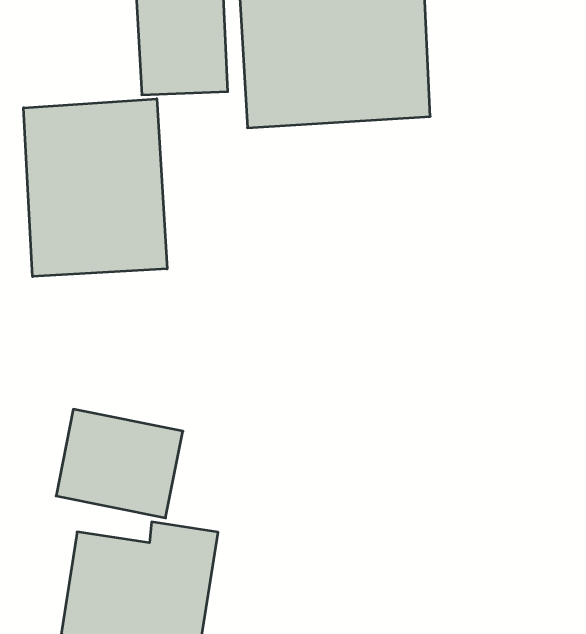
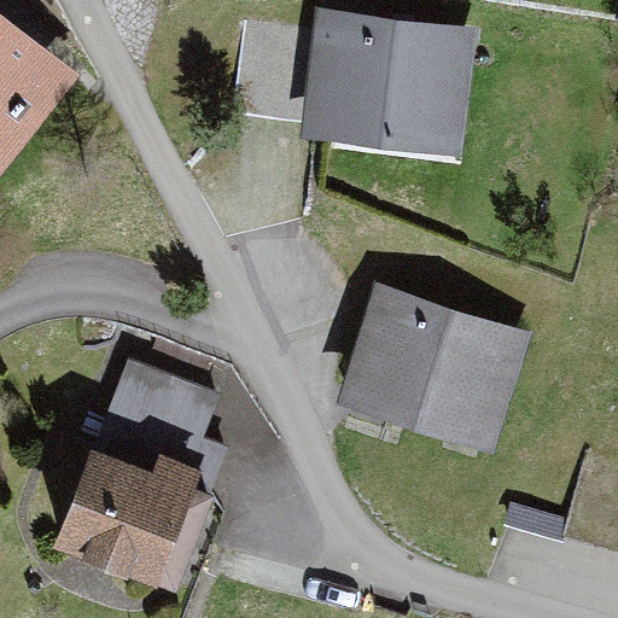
building: [24,99,167,277] -> none
building: none -> [338,288,521,437]

